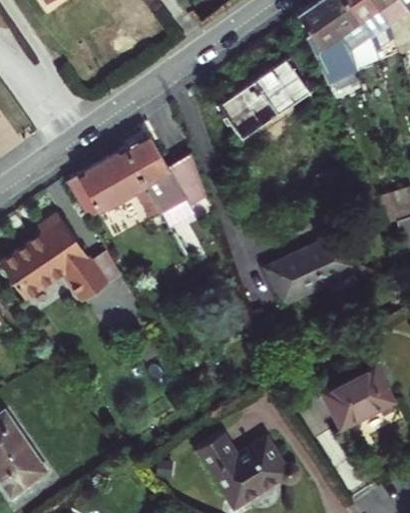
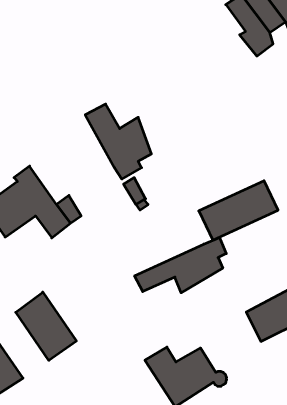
building: [216,55,313,140] -> none
building: [66,150,160,221] -> none
building: none -> [135,237,226,293]
building: none -> [16,292,76,360]

